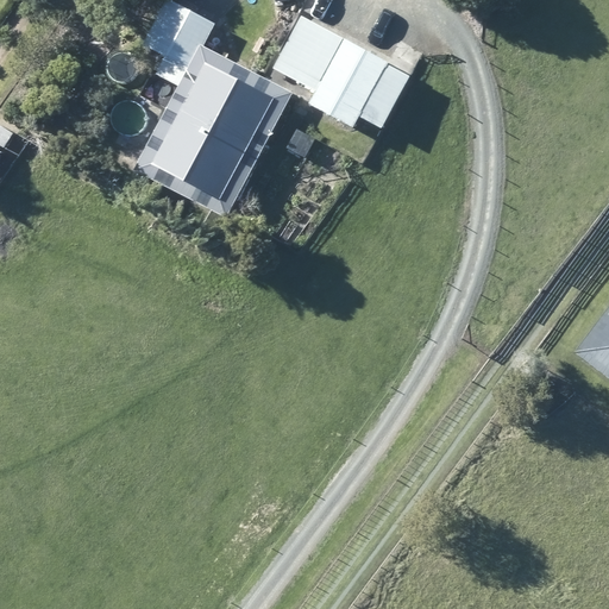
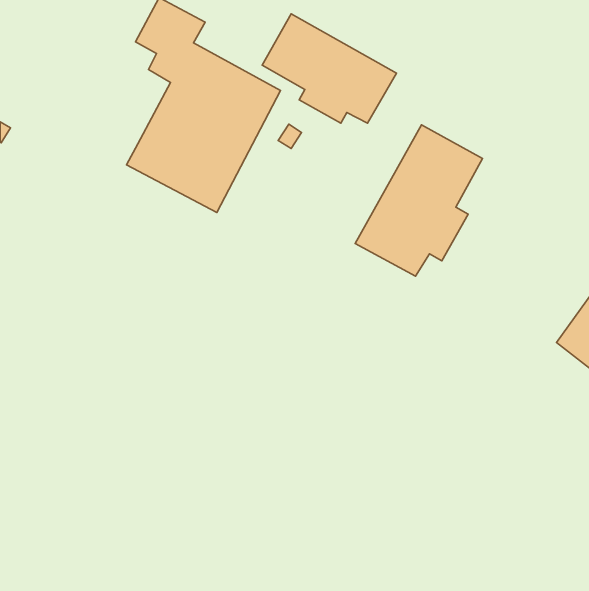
building: none -> [355,125,483,276]

